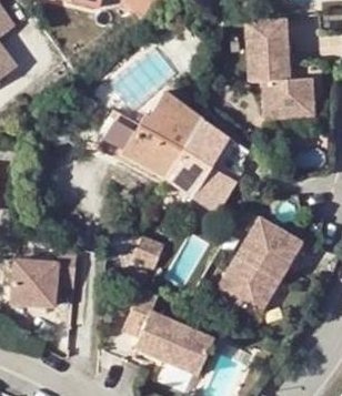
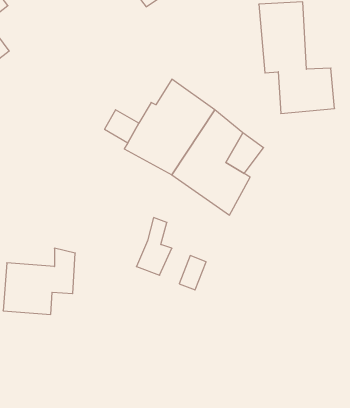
building: [215,220,300,318] -> none
building: [124,291,214,376] -> none

